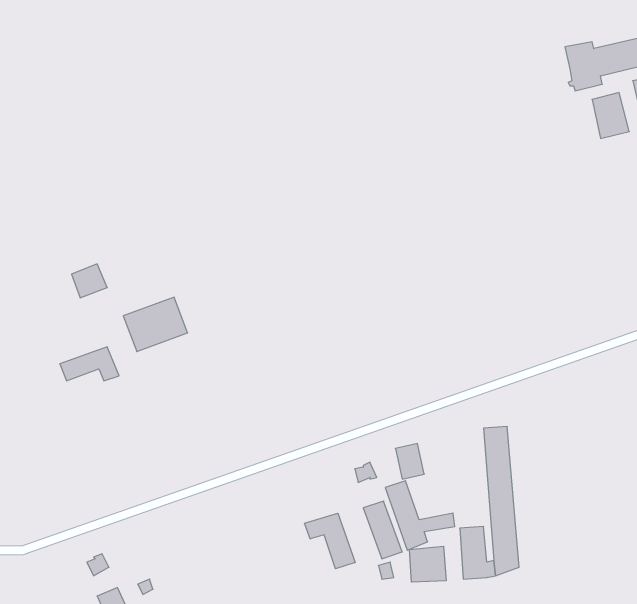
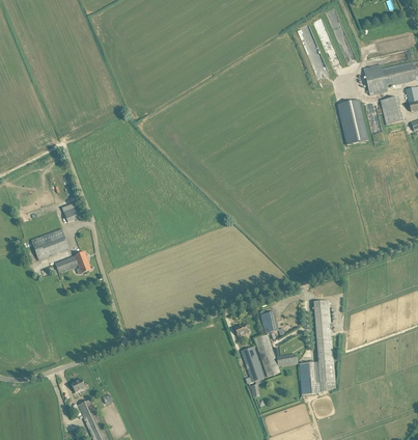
building: none -> [337,99,367,143]
building: [123,297,188,352] -> [30,226,69,259]
building: [304,513,355,569] -> none
building: [409,546,446,582] -> none

